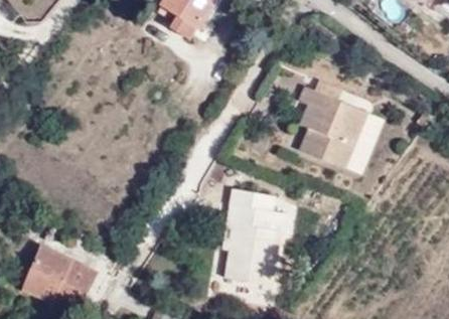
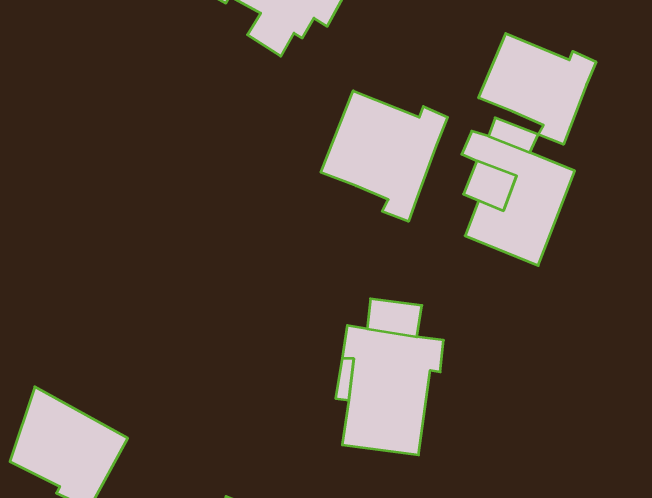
building: none -> [479,33,596,144]
building: none -> [321,91,448,221]

